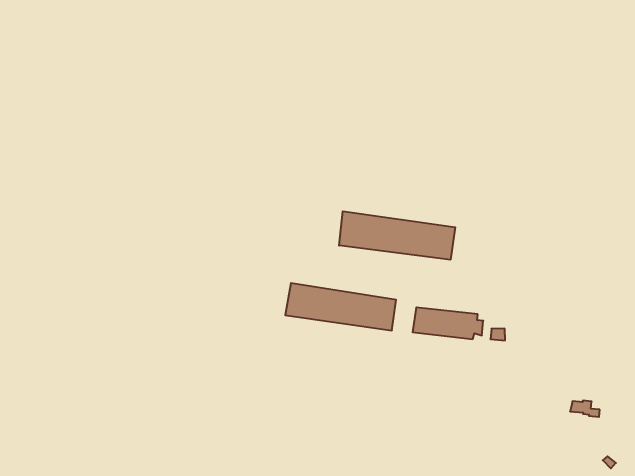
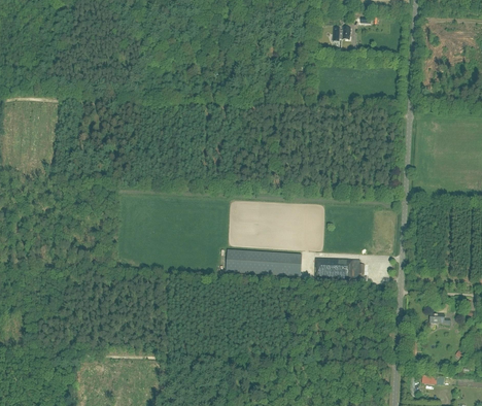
building: [339,211,455,260] -> none

